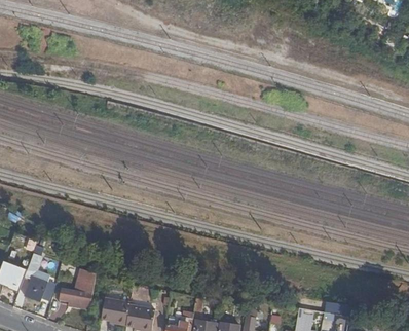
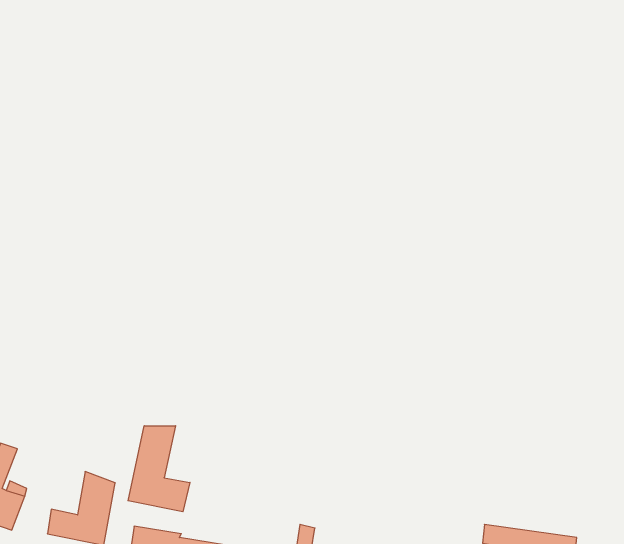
building: none -> [128,426,190,512]

